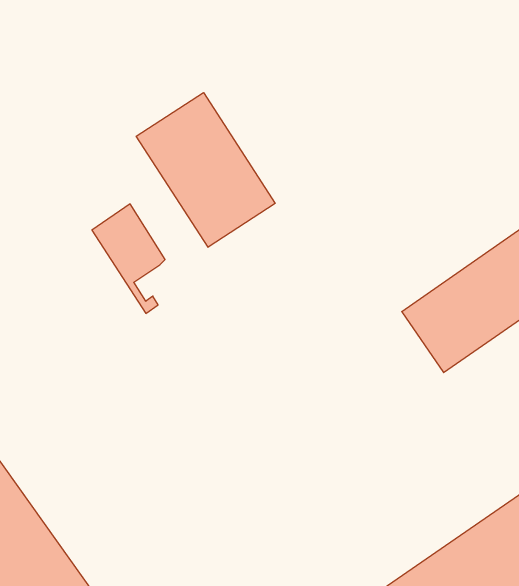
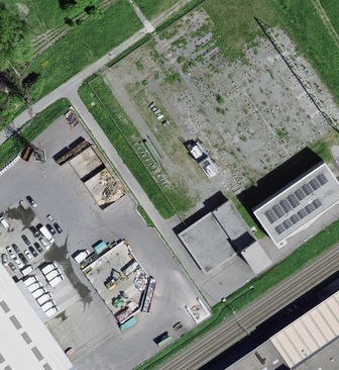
building: [136,93,275,247] -> none
building: none -> [176,196,272,275]

